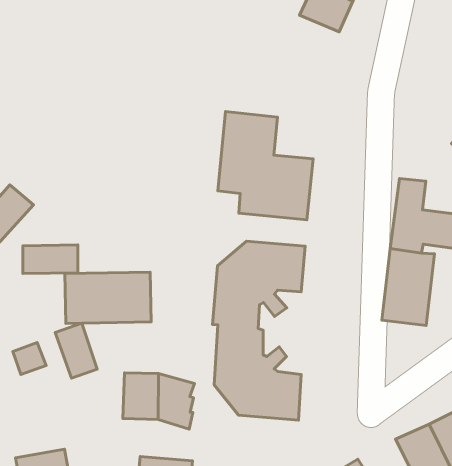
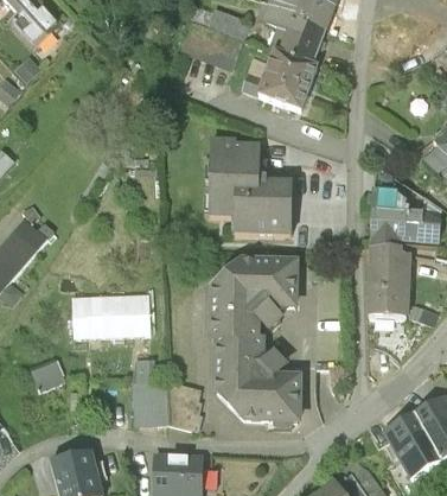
building: none -> [250,49,314,112]
building: [23,245,78,274] -> none
building: [55,323,97,378] -> none

